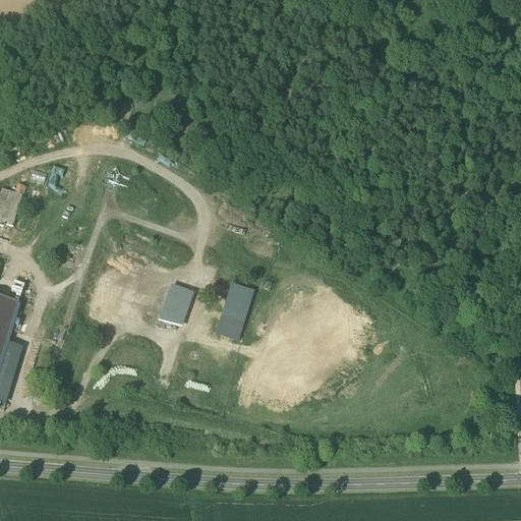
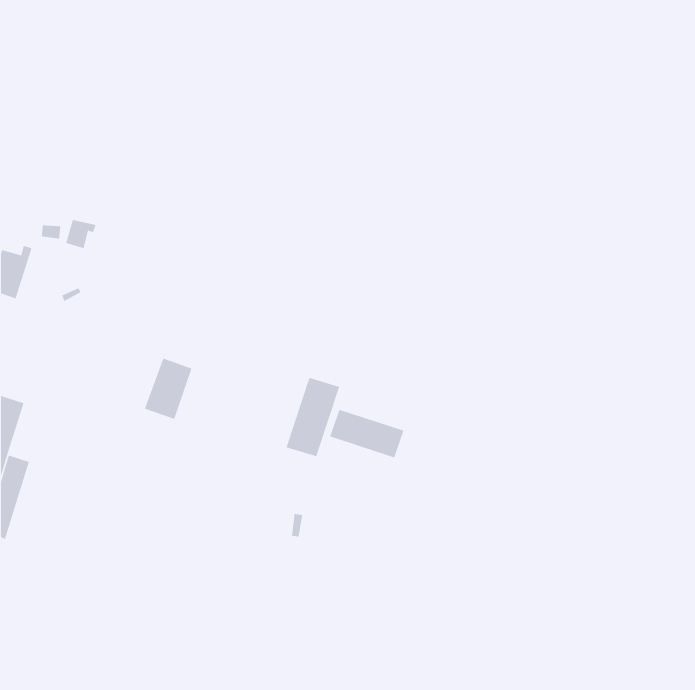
building: [157,283,193,330] -> [144,357,193,420]
building: none -> [329,409,405,458]

